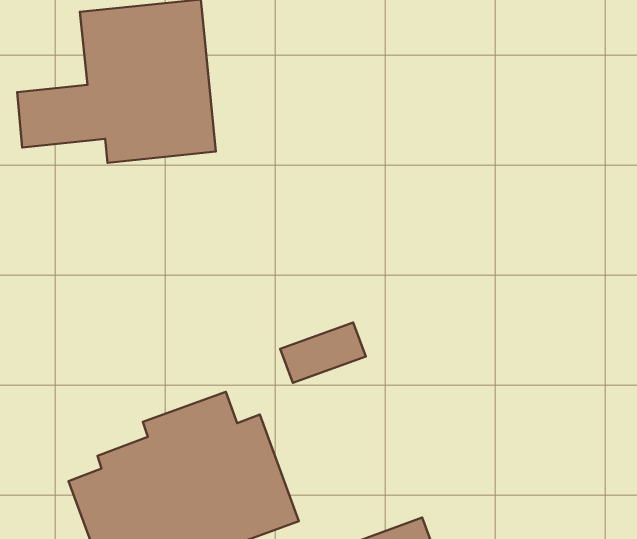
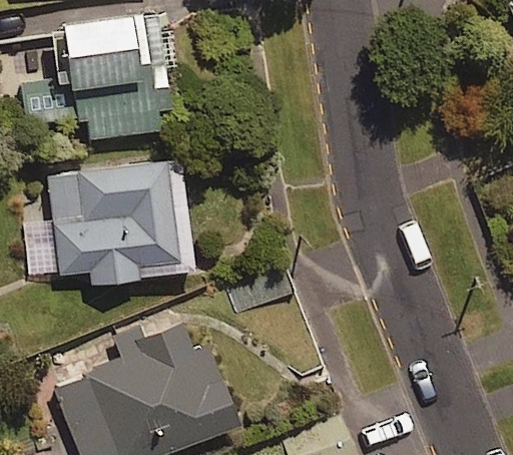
building: none -> [21,159,194,284]

